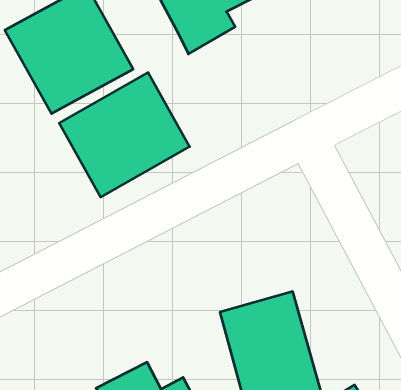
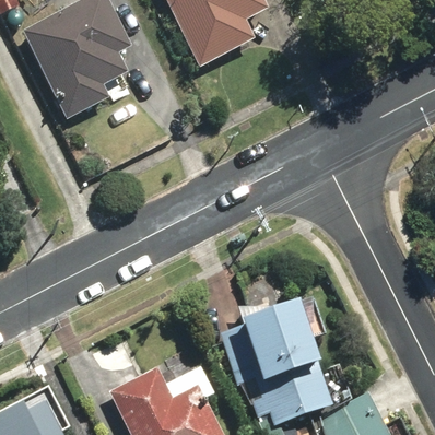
building: [59,73,190,197] -> none

